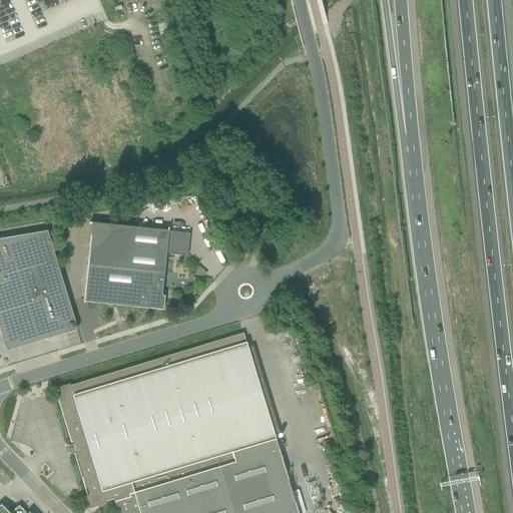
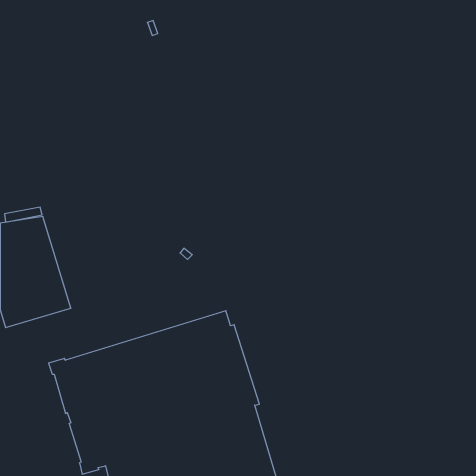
building: [84,224,189,316] -> none

